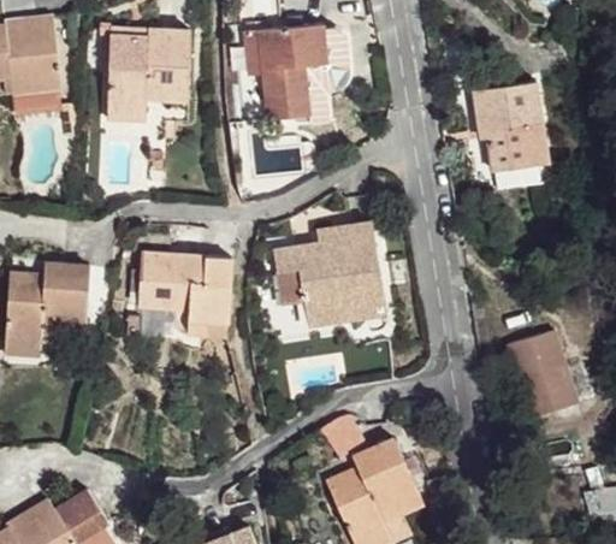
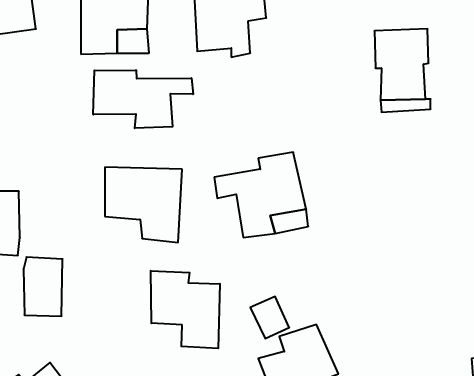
building: none -> [93,70,193,128]
building: [38,267,85,338] -> [23,257,63,316]
building: [503,324,574,412] -> none
building: none -> [151,271,220,348]

